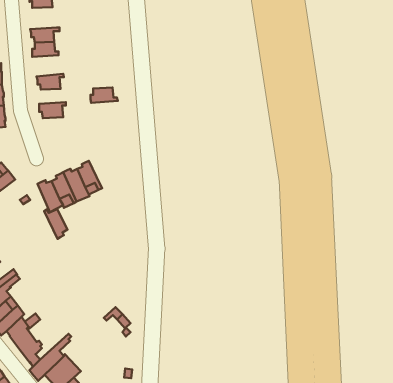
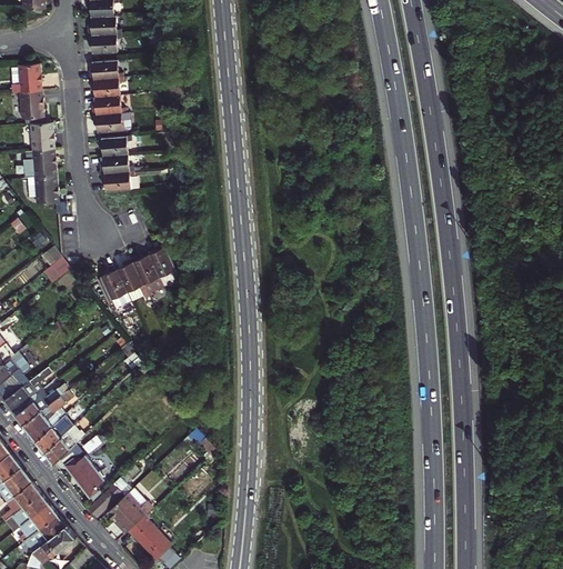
building: none -> [90,61,123,81]
building: none -> [92,113,131,134]
building: [90,88,118,103] -> [100,156,134,174]
building: [44,209,67,239] -> none

